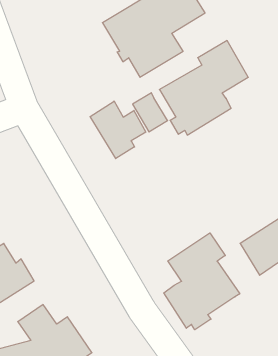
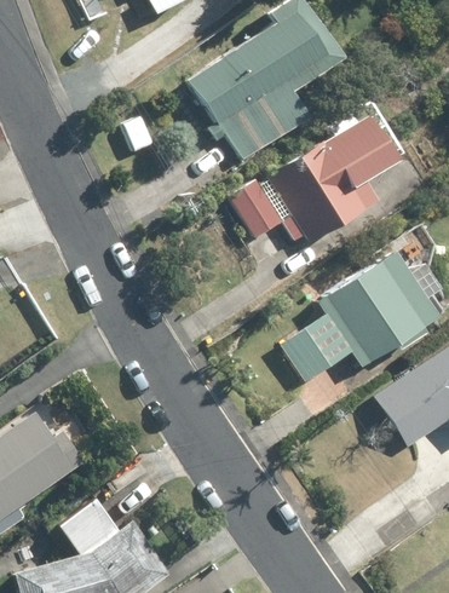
building: [90,101,146,159] -> none
building: none -> [281,258,441,386]
building: [164,233,240,330] -> none

